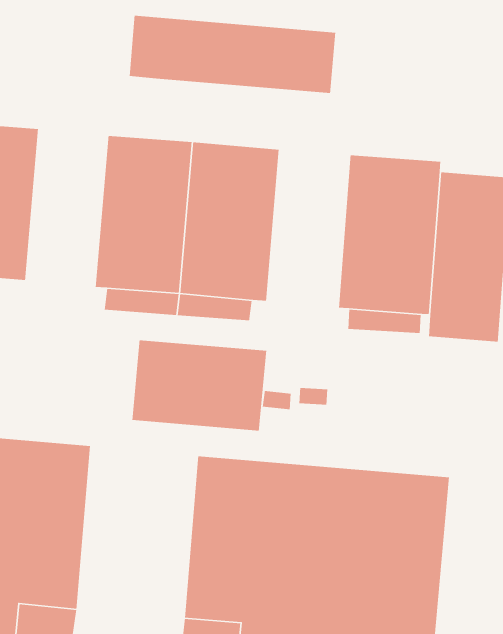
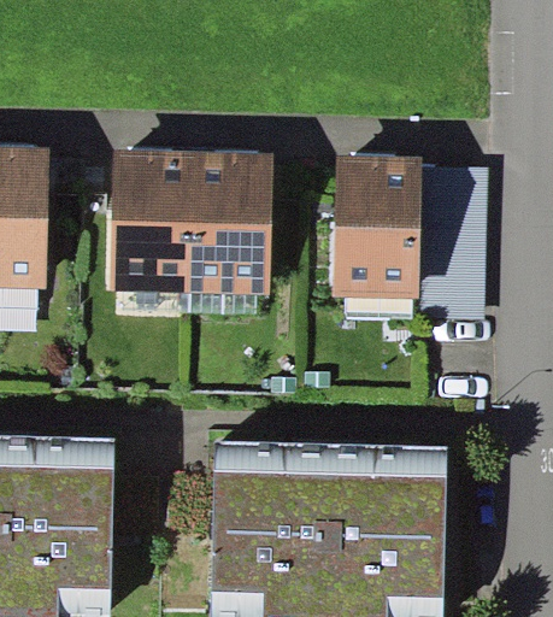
building: [129,15,336,94] -> none
building: [131,339,267,431] -> none

